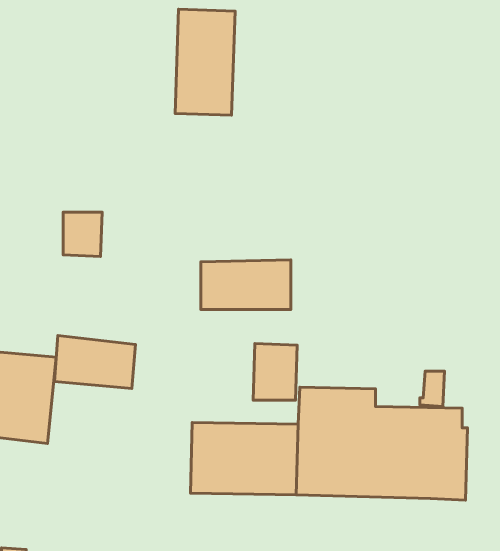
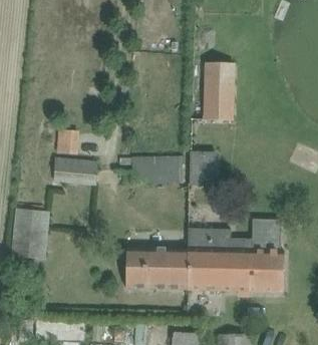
building: [175,9,235,115] -> [198,61,232,121]
building: [54,336,136,389] -> [52,155,98,186]
building: [253,344,297,400] -> [191,151,216,184]

